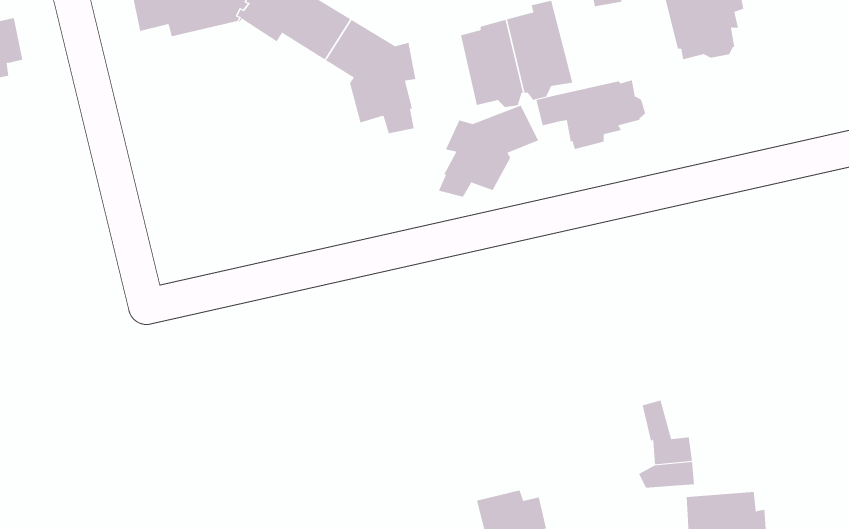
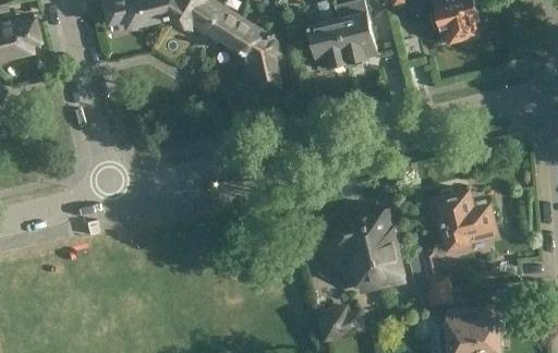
building: [536,80,646,150] -> none
building: [438,105,539,197] -> none
building: none -> [424,190,499,248]
building: none -> [330,209,401,285]

